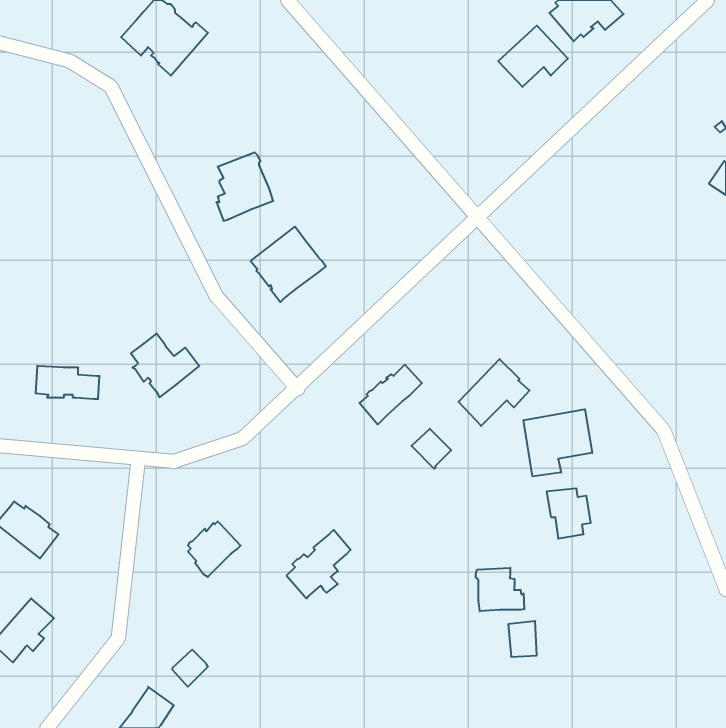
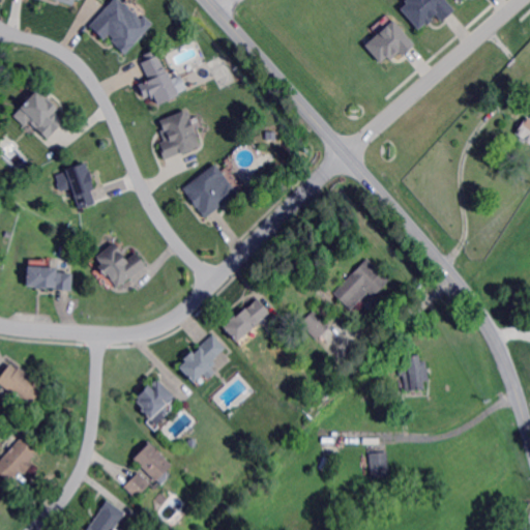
building: none -> [138,50,177,106]
building: none -> [12,89,63,139]
building: none -> [64,163,94,209]
building: [359,365,422,424] -> [223,299,268,343]
building: [524,409,592,476] -> none
building: [287,530,351,598] -> [179,333,226,383]
building: [476,568,524,611] -> none
building: none -> [135,442,173,481]

